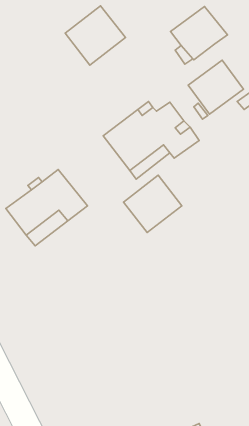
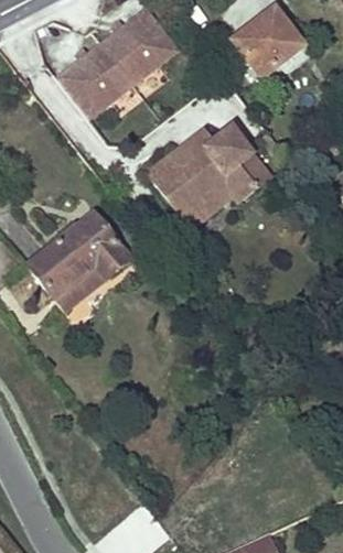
building: none -> [58,43,133,117]
building: [188,60,244,114] -> none
building: [123,175,182,233] -> none

